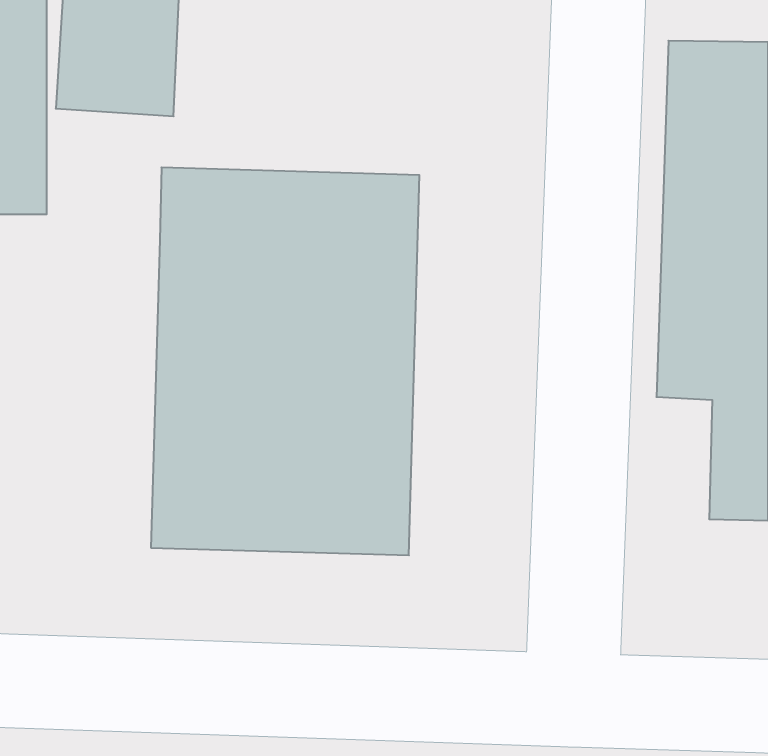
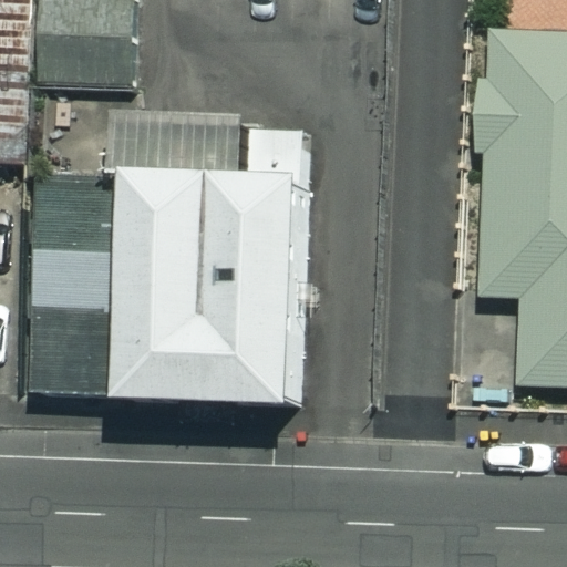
building: none -> [33,174,117,402]

